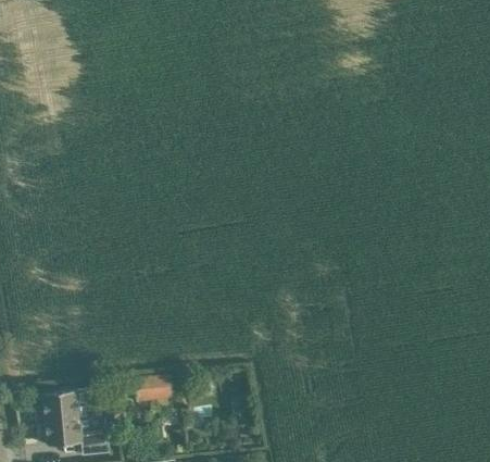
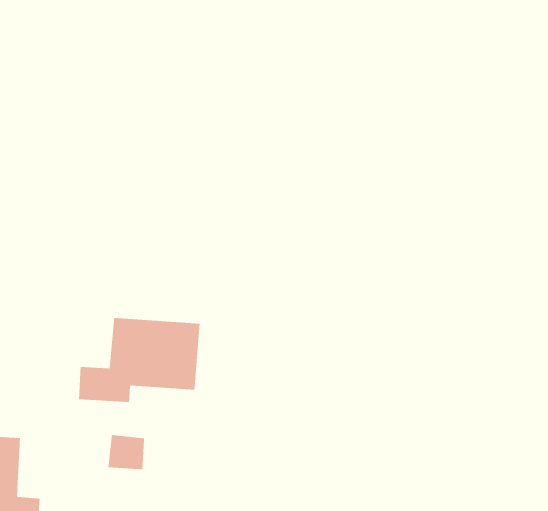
building: none -> [78,317,200,403]

